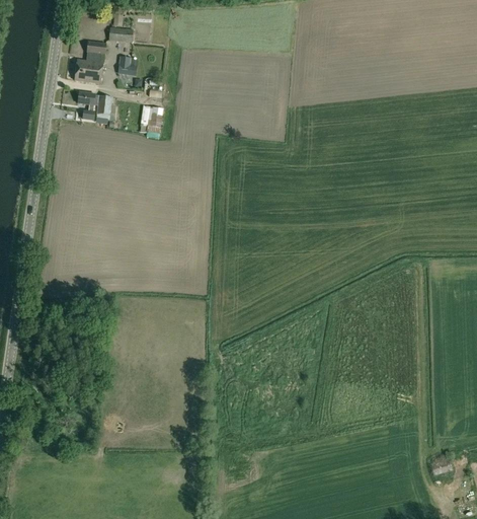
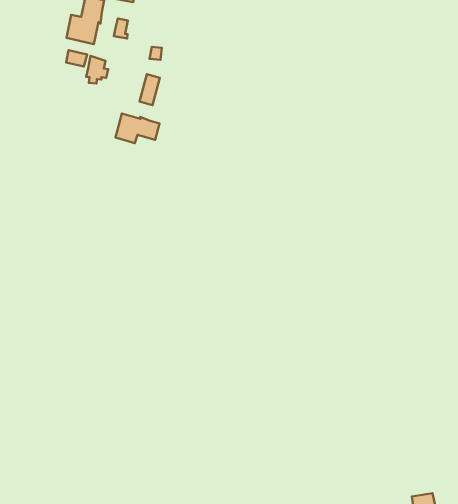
building: none -> [115,114,159,143]

